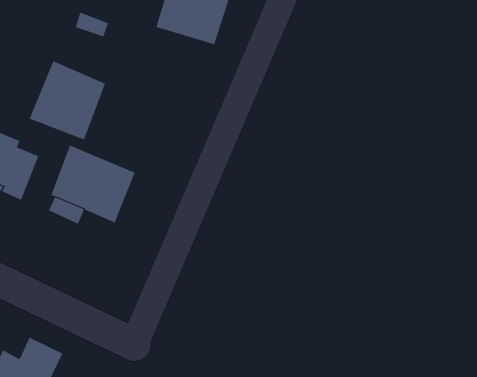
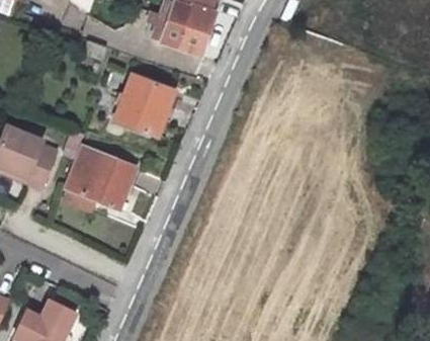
building: [29,61,106,140] -> [114,72,176,136]

